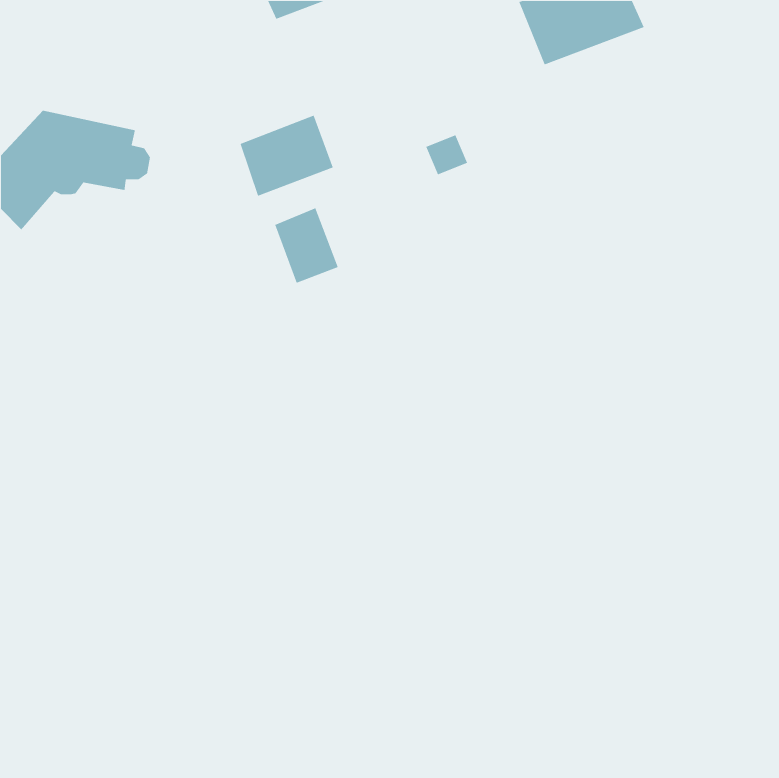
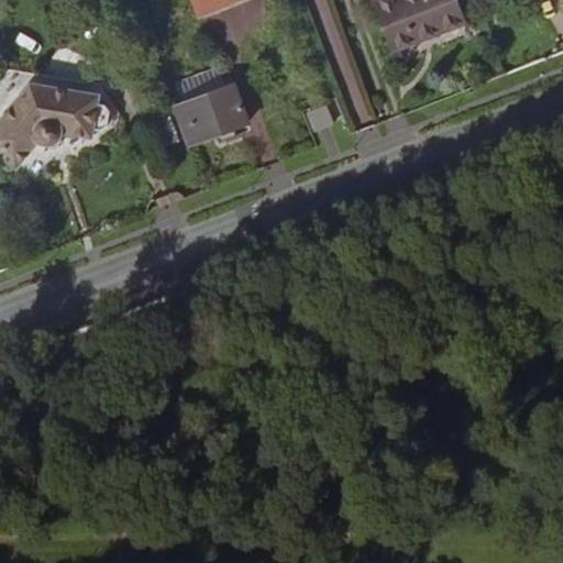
building: [274,207,339,284] -> none

